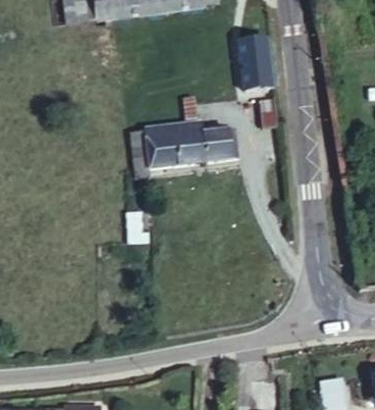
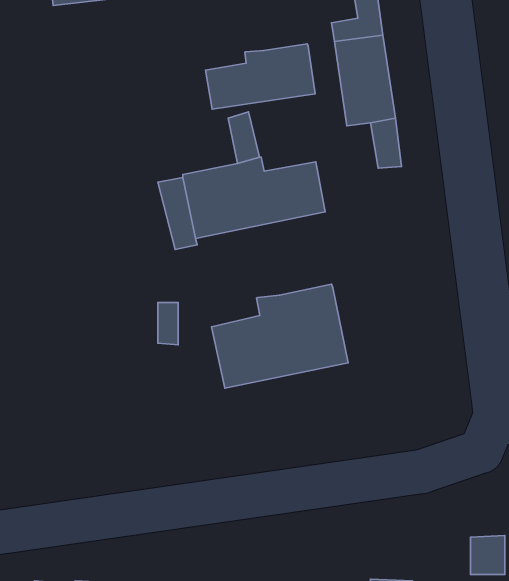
building: none -> [206,44,315,109]
building: none -> [211,284,348,388]

